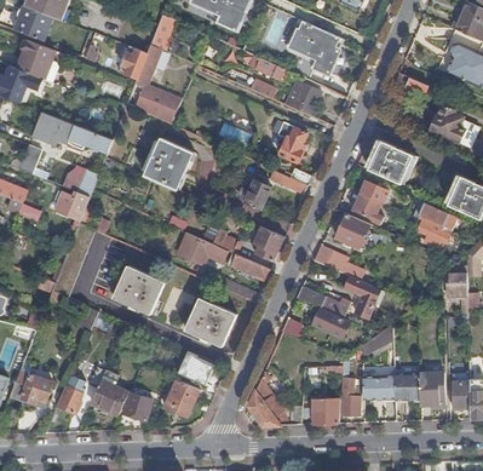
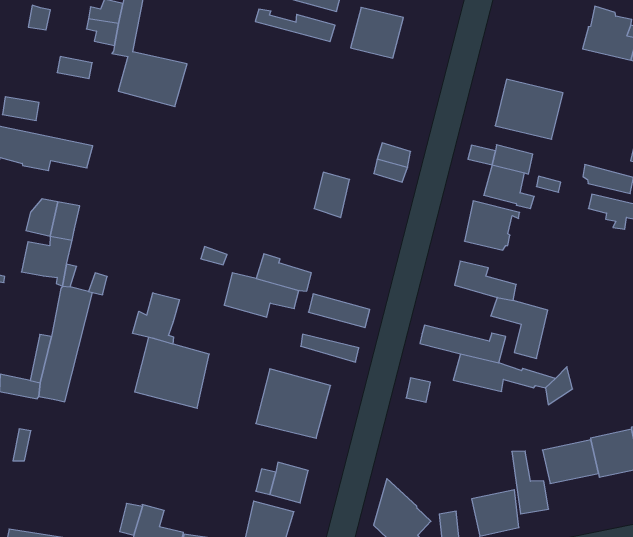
building: [272,119,306,161] -> none
building: [144,137,194,189] -> none
building: [254,231,283,262] -> none
building: none -> [133,293,179,344]

